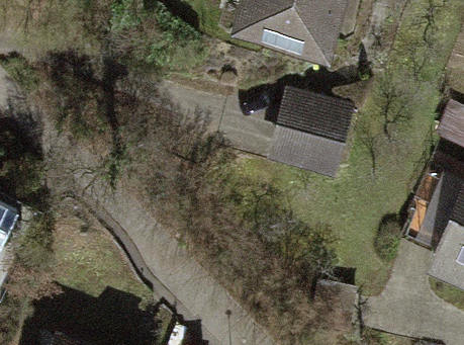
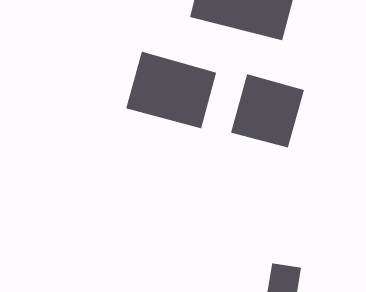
building: none -> [126,51,217,129]

